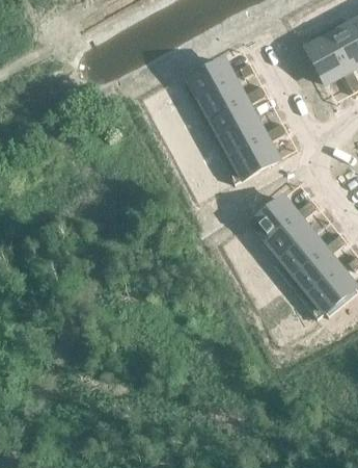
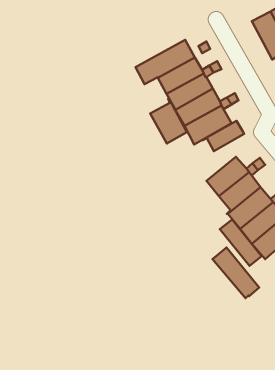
building: none -> [150,99,187,143]
building: none -> [203,121,244,151]
building: none -> [220,220,262,266]
building: none -> [212,247,259,298]

